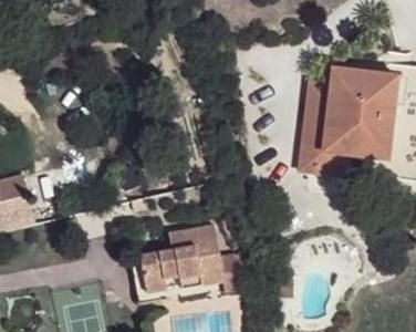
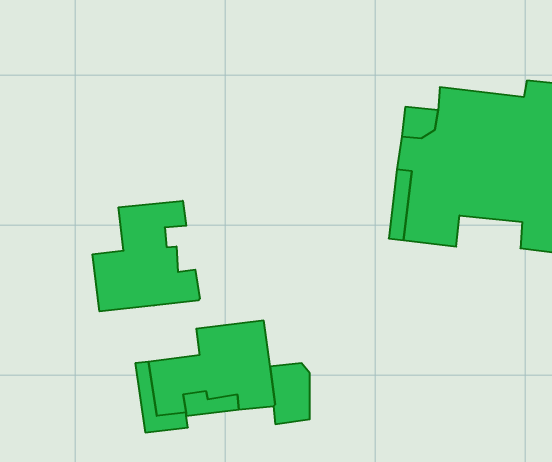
building: none -> [93,201,200,311]

